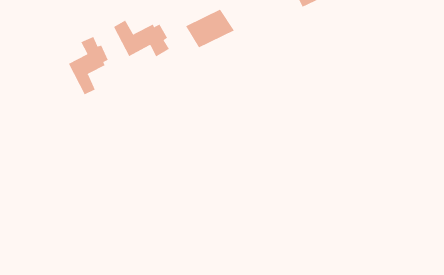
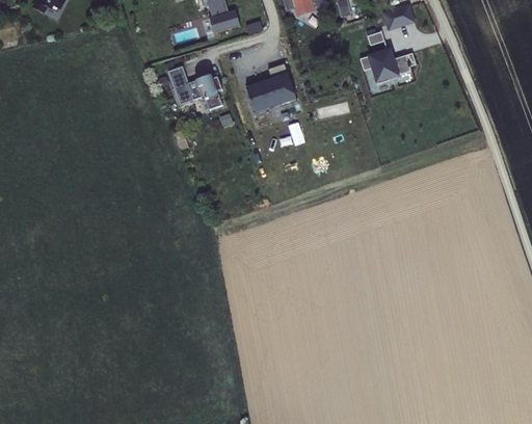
building: [68,36,109,95] -> none

